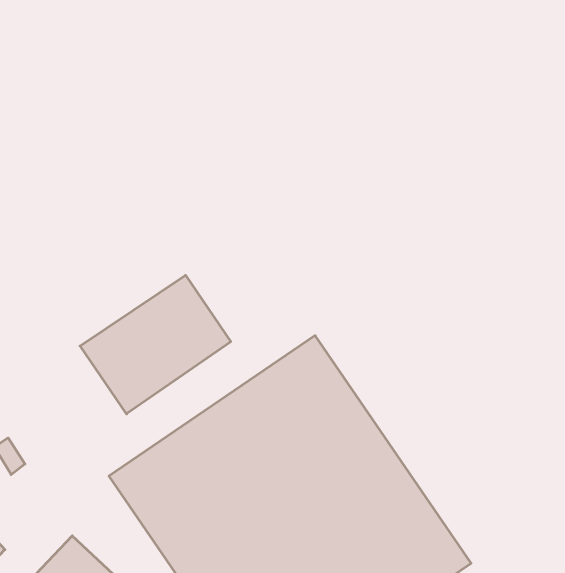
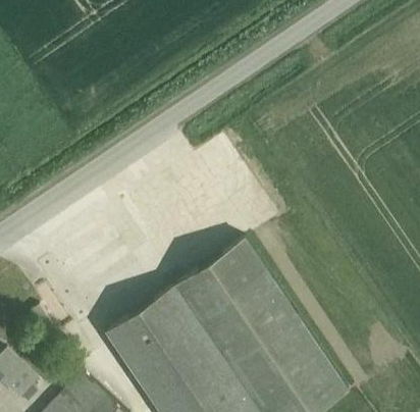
building: [80,275,231,414] -> none

